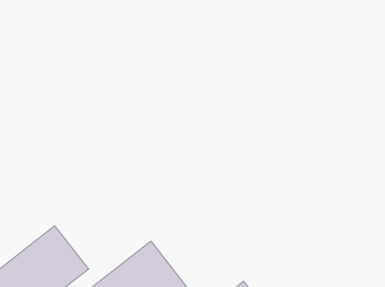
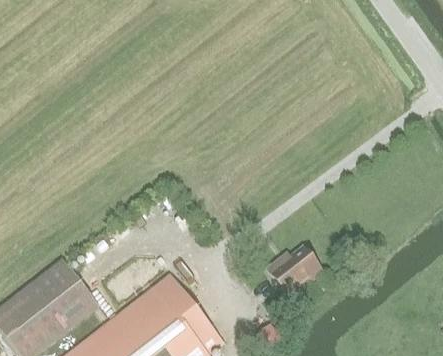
building: none -> [267,245,323,296]

